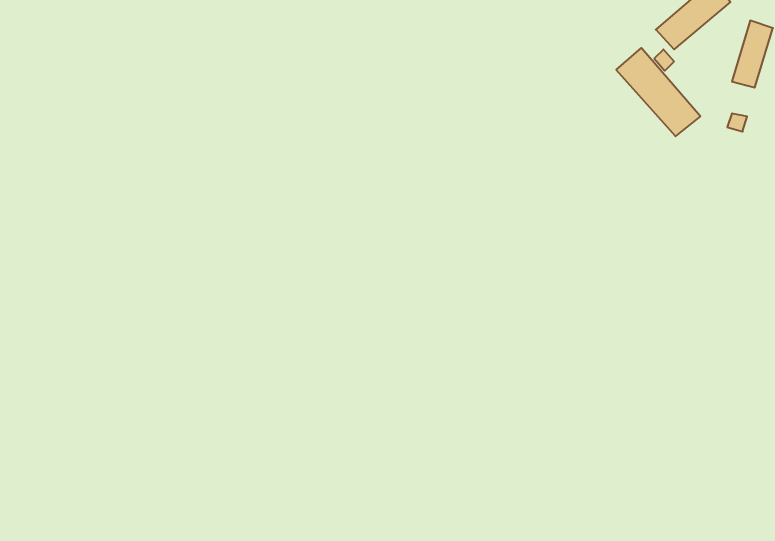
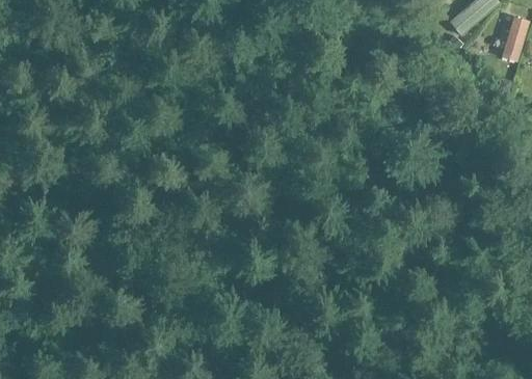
building: [616,48,700,136] -> none

